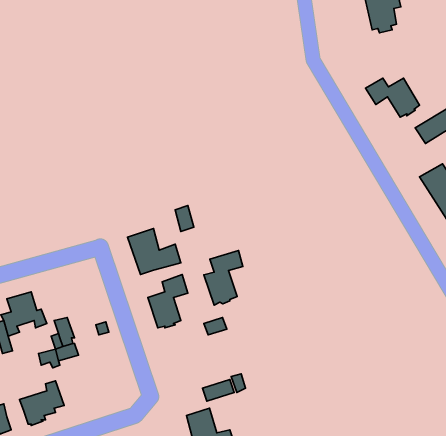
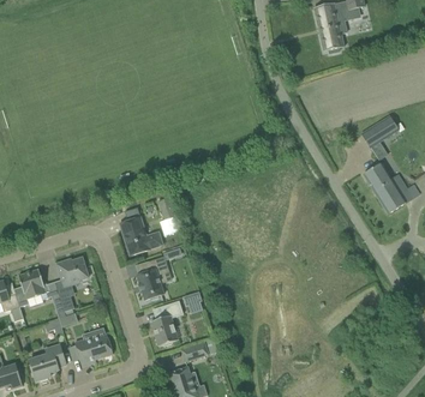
building: [365,78,420,117] -> none
building: [204,251,243,305] -> [150,300,182,345]
building: none -> [56,257,88,285]
building: none -> [74,333,113,365]

